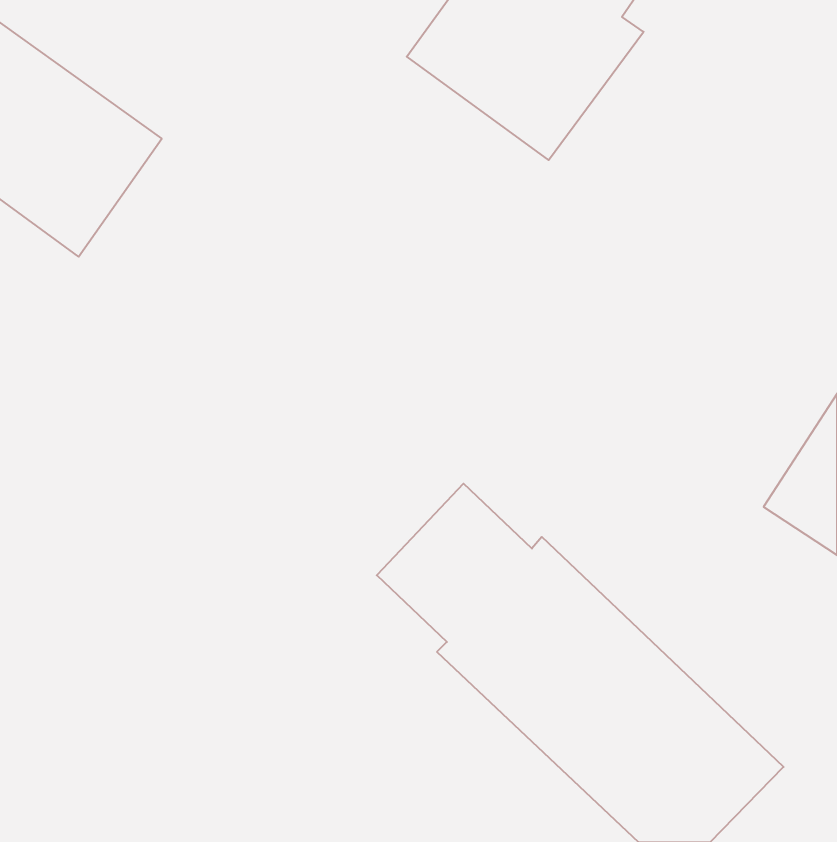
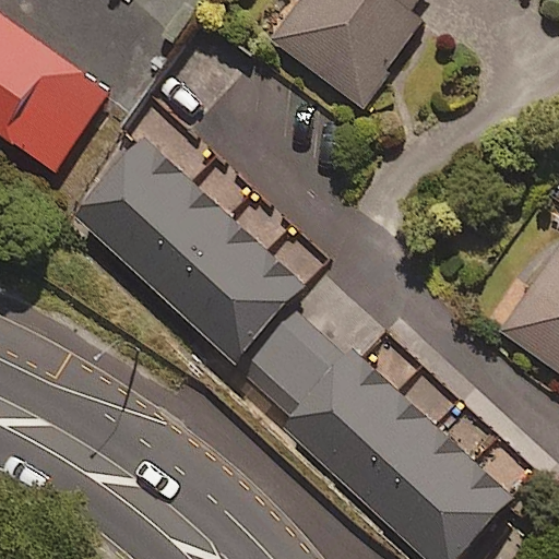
building: none -> [79,143,306,366]

